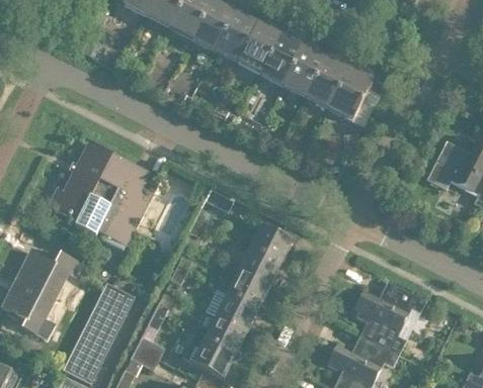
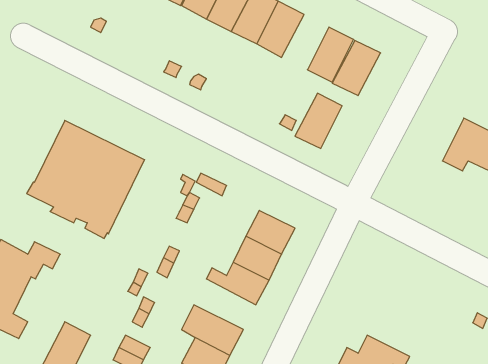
building: [284,47,326,97] -> [295,93,342,148]
building: [360,281,426,355] -> none
building: [88,284,131,335] -> none
building: [204,285,260,330] -> none

